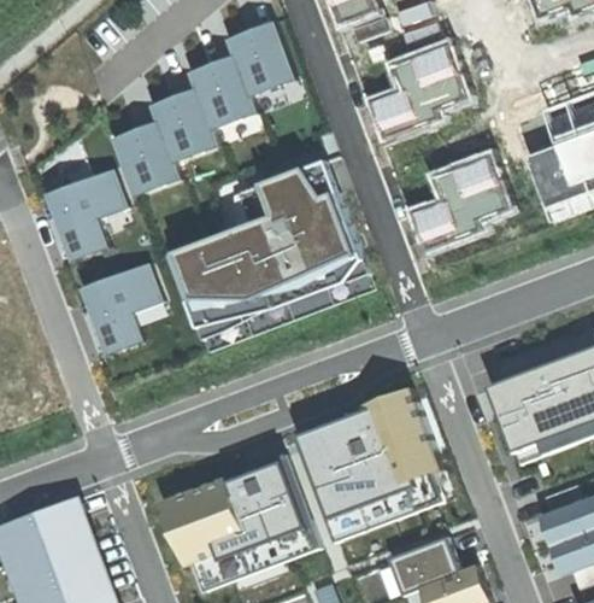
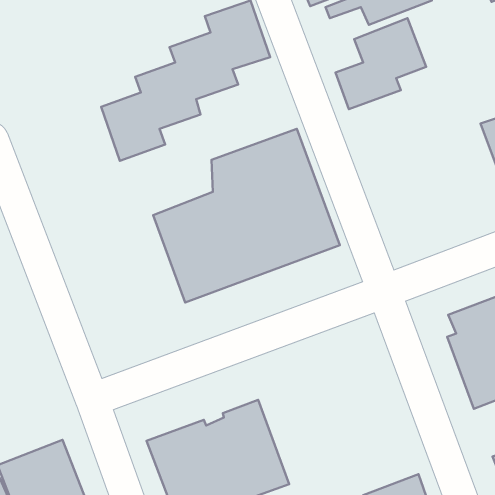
building: [407,153,507,247] -> none
building: [43,166,128,263] -> none
building: [78,263,160,355] -> none
building: [299,390,449,541] -> none

